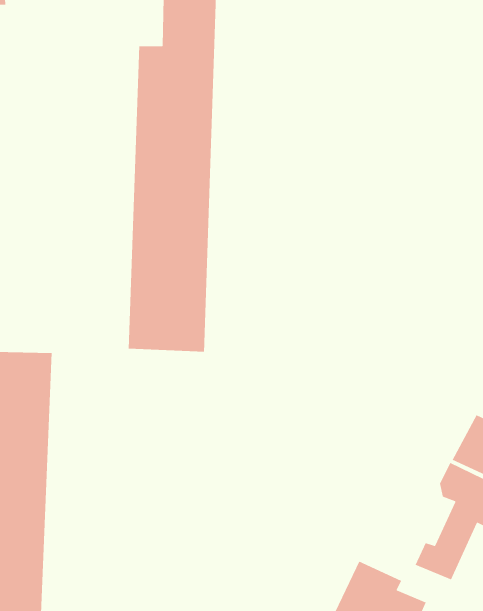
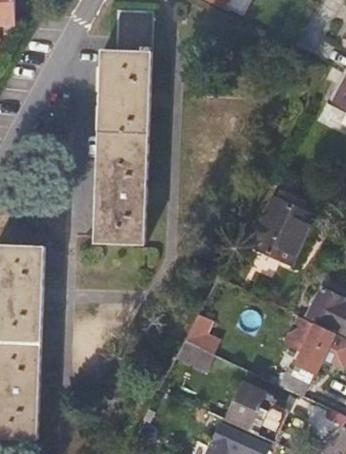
building: none -> [249,200,312,264]
building: none -> [178,311,220,370]

